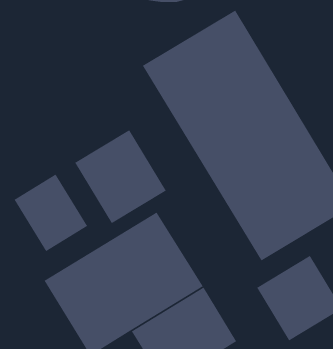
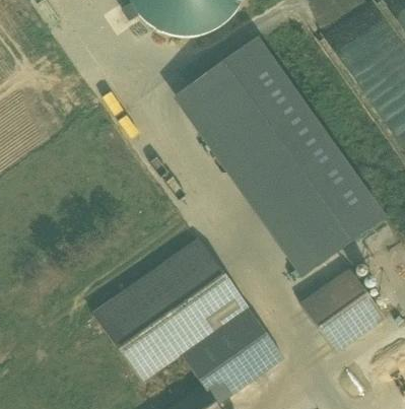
building: [74,129,167,224] -> none
building: [14,174,88,252] -> none

